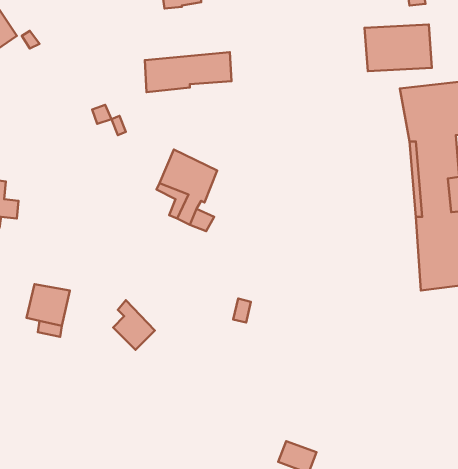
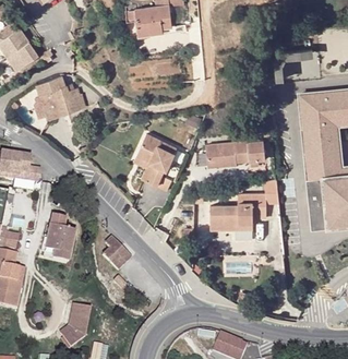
building: [145,52,231,92] -> [207,139,266,166]
building: none -> [35,76,86,119]
building: none -> [212,195,268,229]
building: none -> [60,302,91,346]

